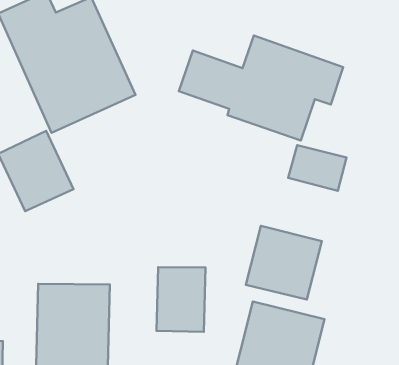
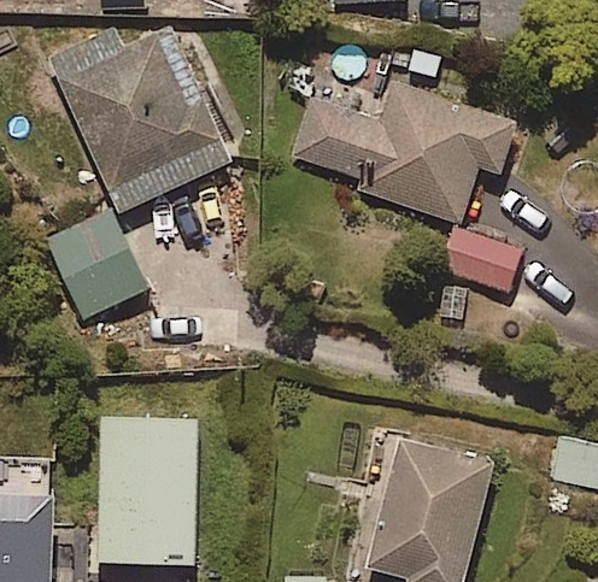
building: [246,226,322,300] -> none
building: [156,267,206,332] -> none

